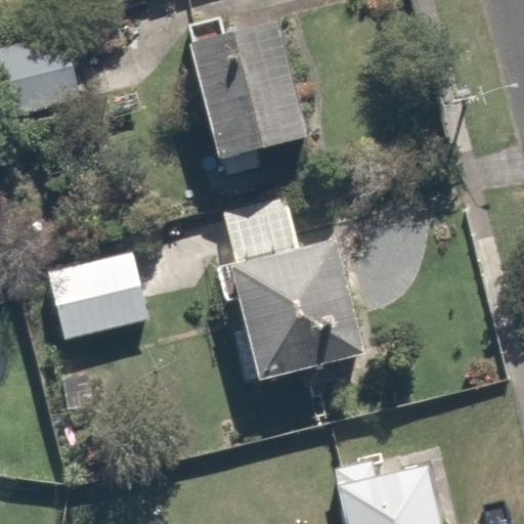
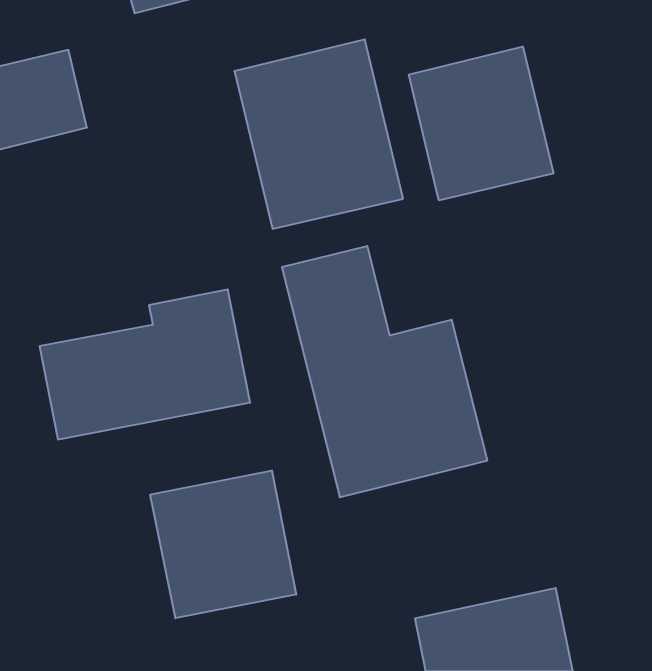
building: none -> [409,47,553,200]
building: none -> [150,470,296,618]

